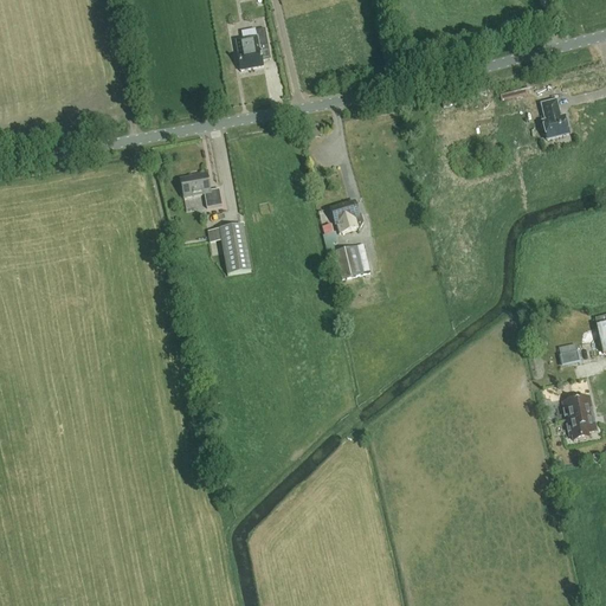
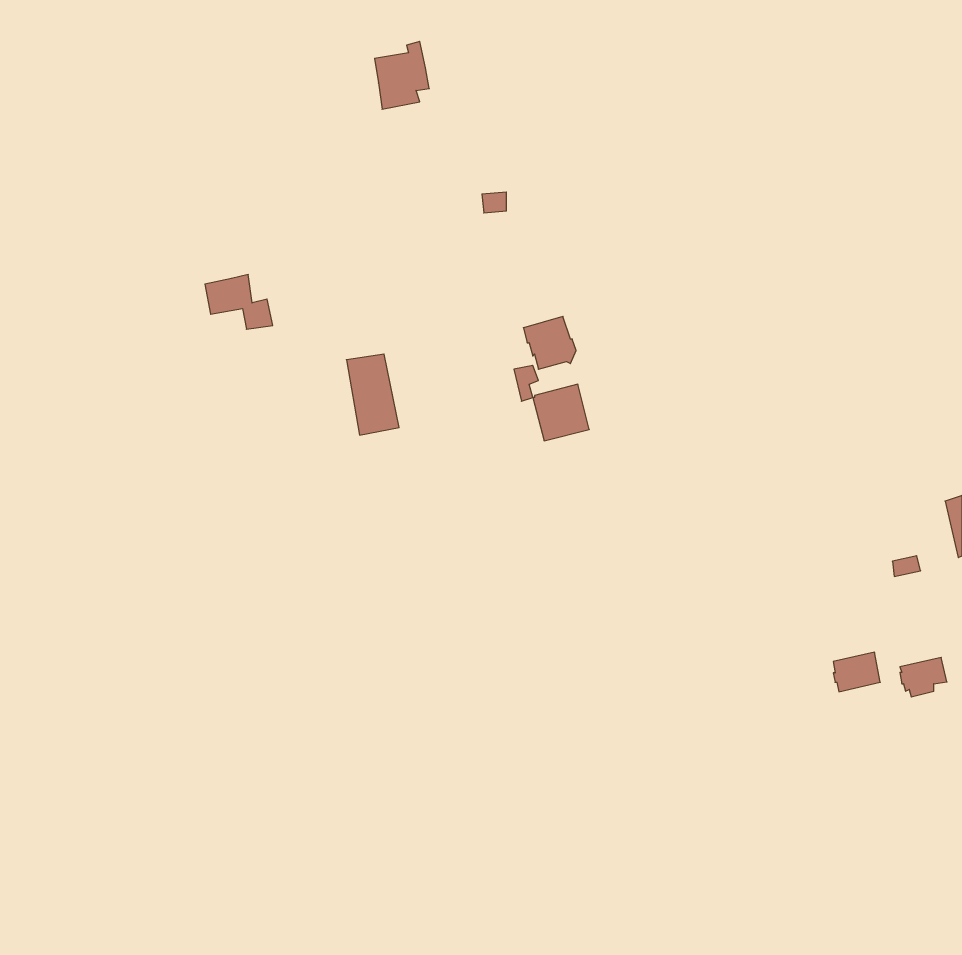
building: [541,98,568,137] -> none
building: [180,170,223,205] -> [205,275,273,329]
building: [562,394,592,419] -> [833,652,880,692]

